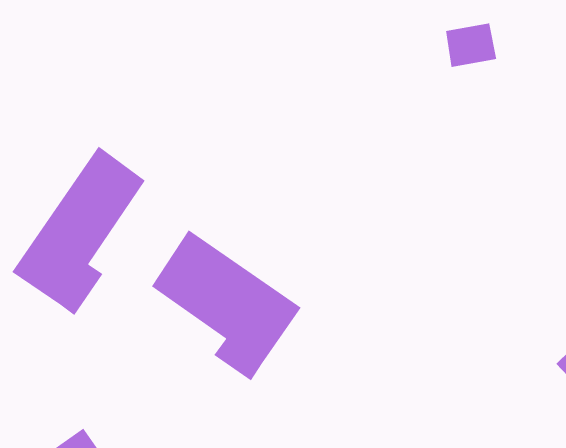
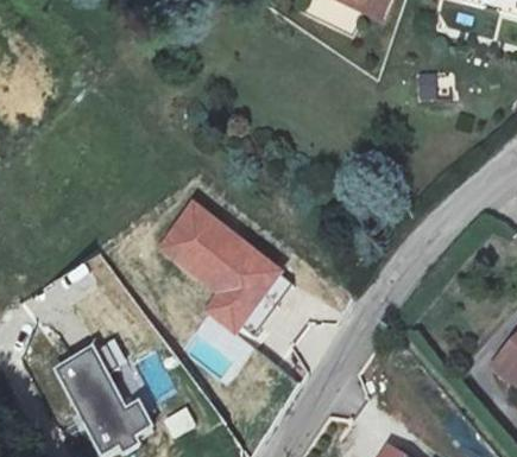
building: [11,146,146,316] -> none

